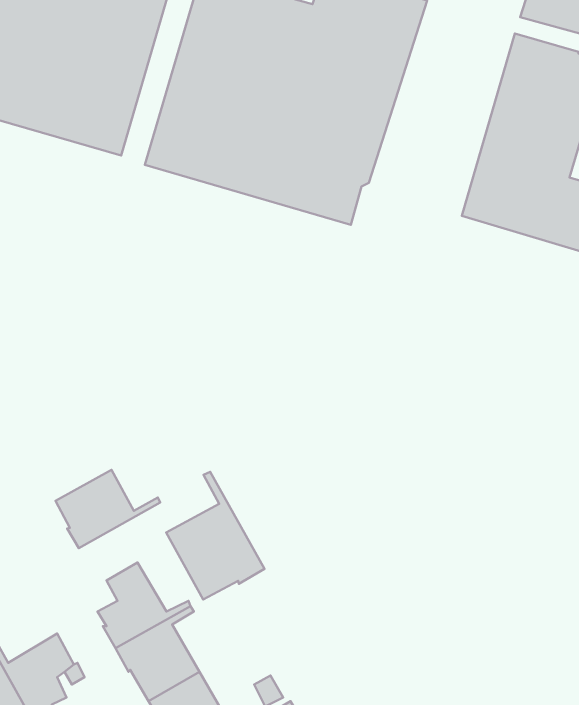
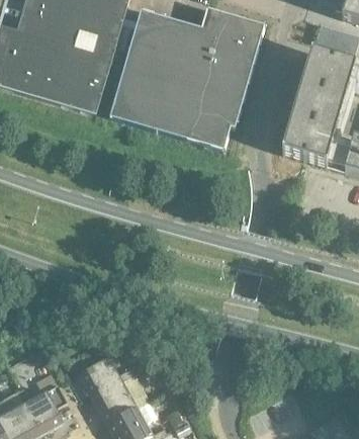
building: [56,470,160,548] -> none
building: [166,472,265,599] -> none

